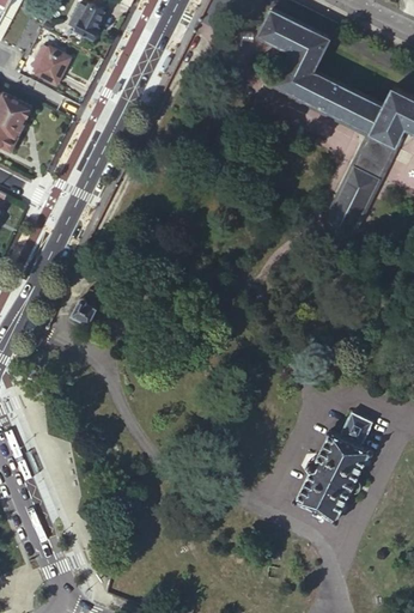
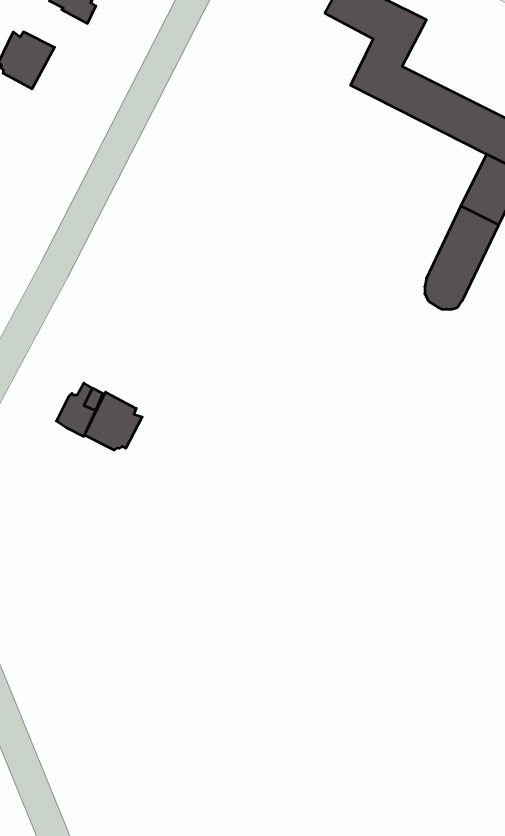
building: none -> [84,392,142,450]
building: [293,412,372,521] -> none

